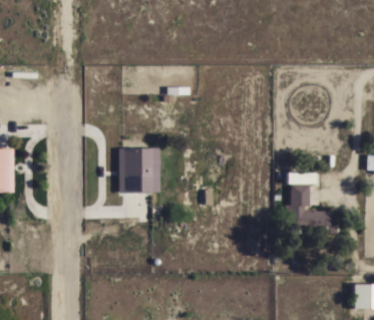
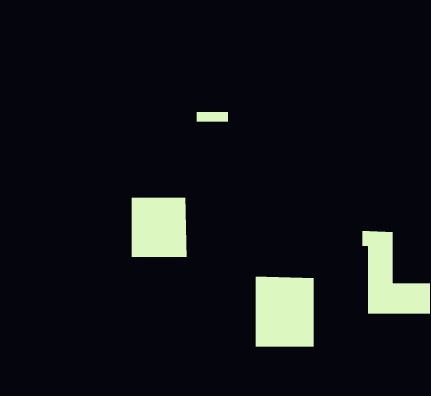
building: none -> [255,276,315,348]

